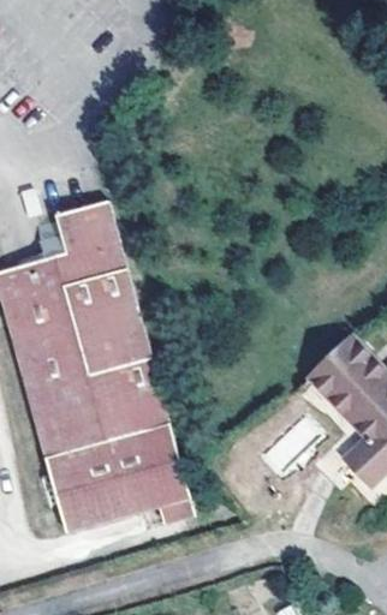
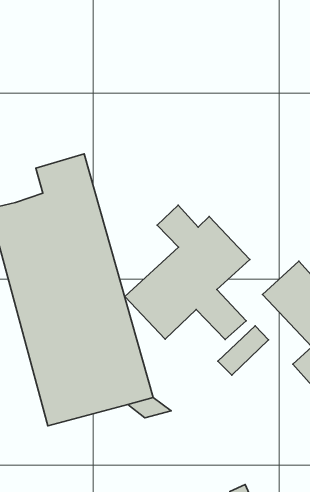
building: none -> [125,205,250,340]

